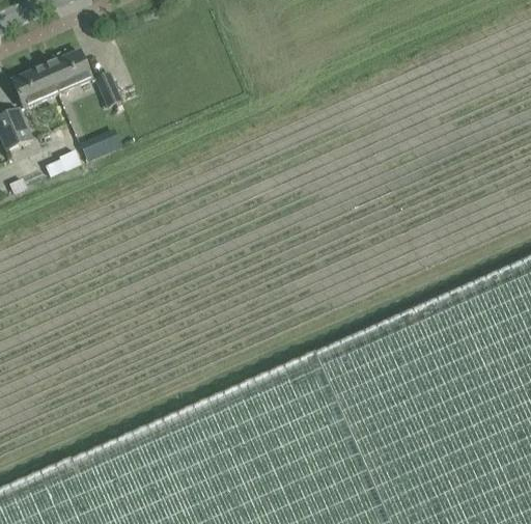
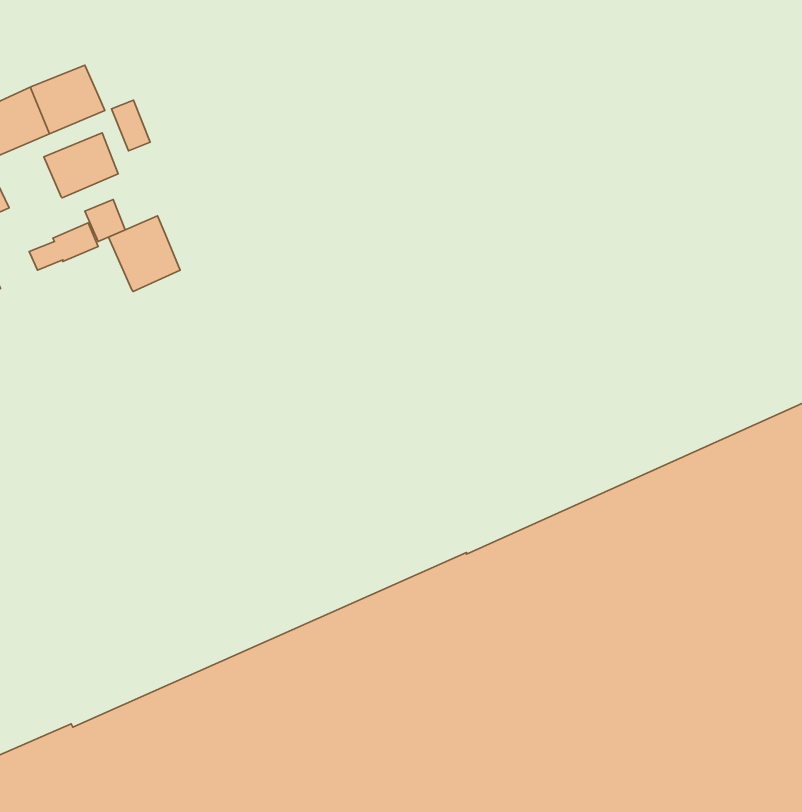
building: none -> [44,133,118,198]
building: none -> [108,216,180,291]

